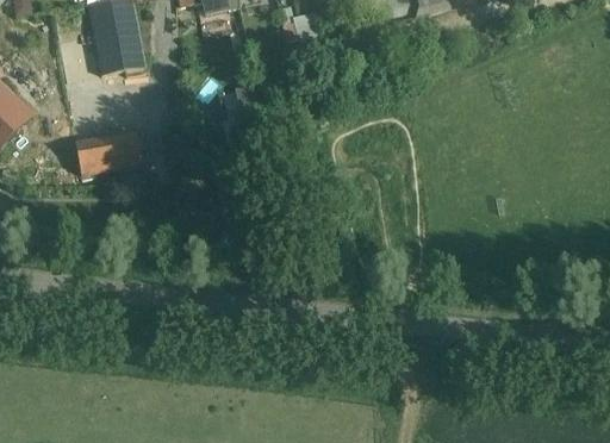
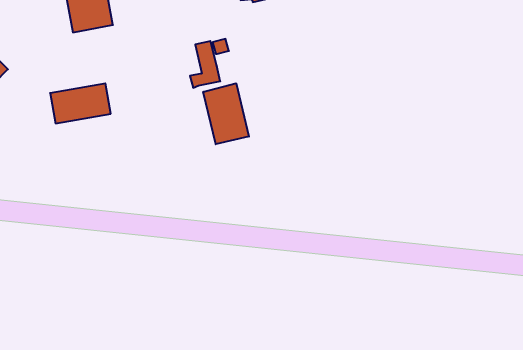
building: none -> [203,83,249,144]

